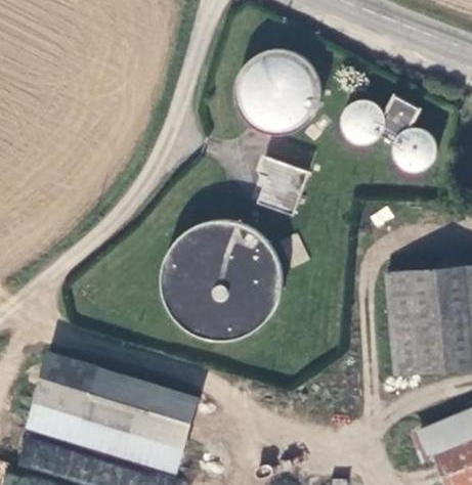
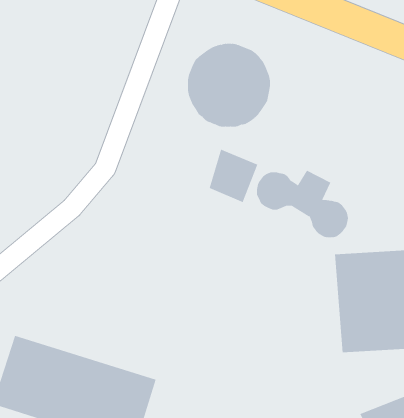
building: [344,97,440,168] -> [256,170,349,238]
building: [159,222,281,344] -> none

